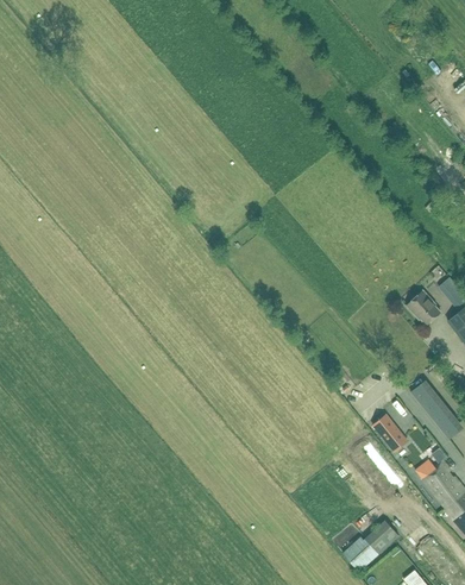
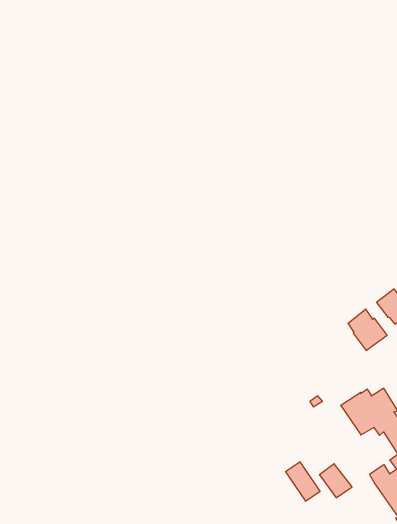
building: none -> [348,309,387,351]
building: [373,414,408,451] -> [286,462,320,501]

